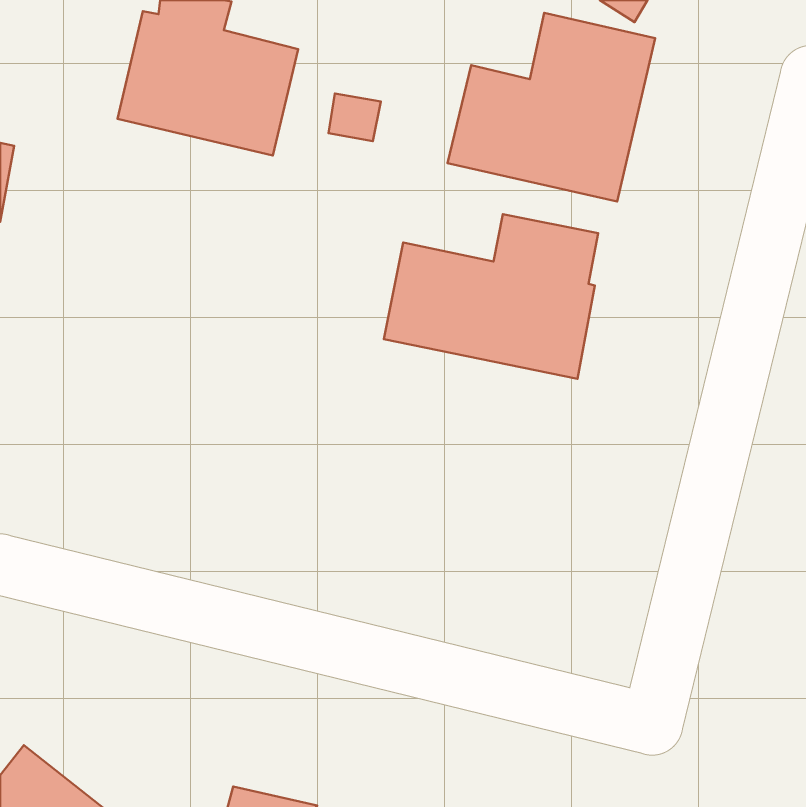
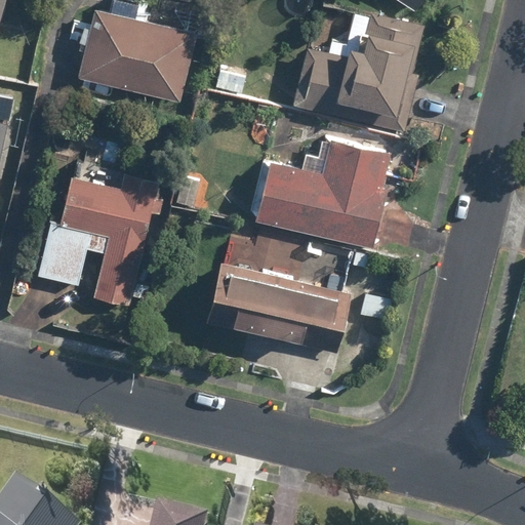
building: none -> [37,173,158,305]
building: none -> [204,260,353,355]

